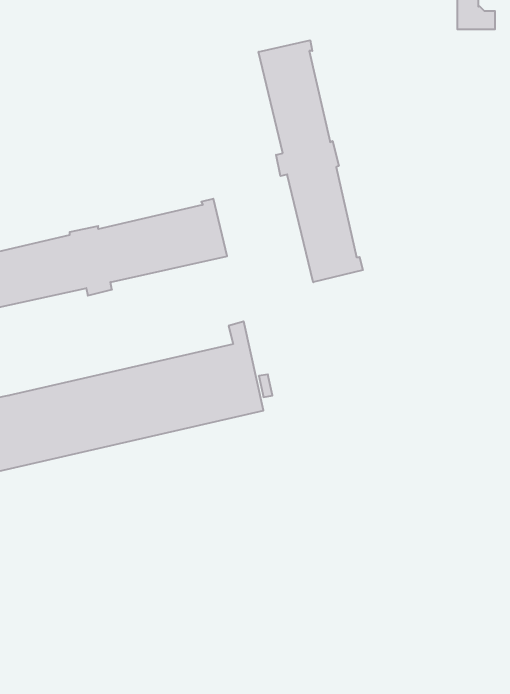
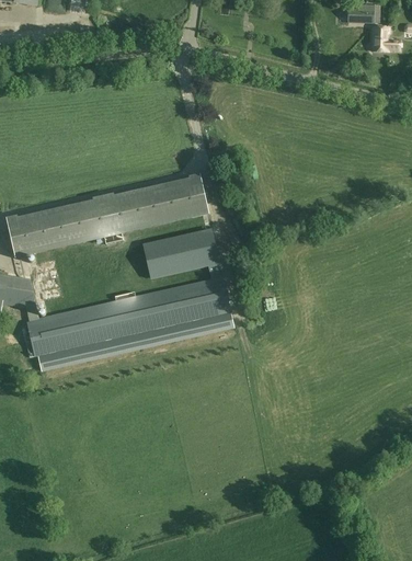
building: [259,40,363,282] -> none
building: none -> [141,228,218,277]

